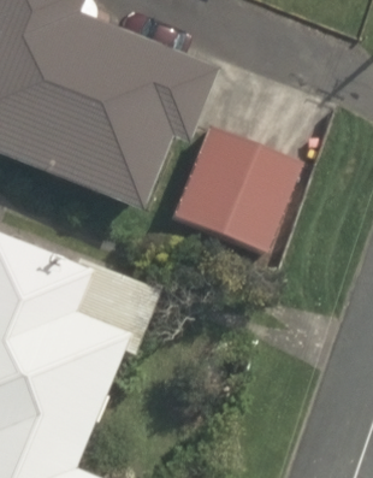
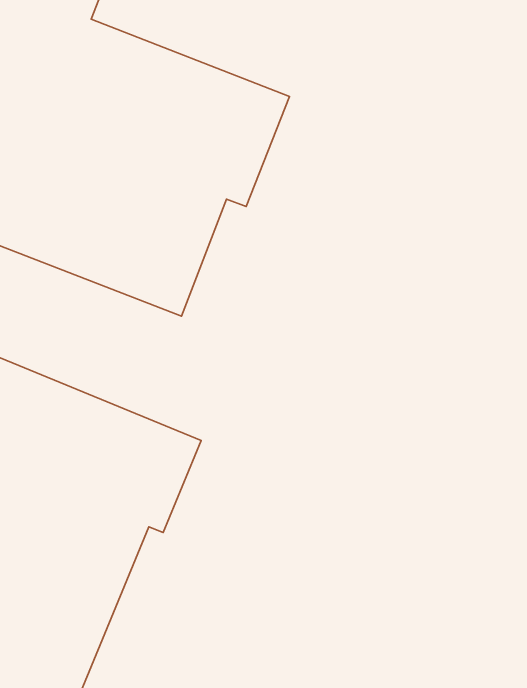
building: [173,123,304,254] -> none

